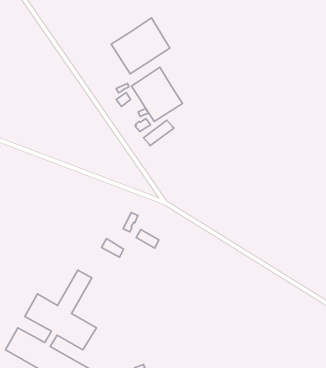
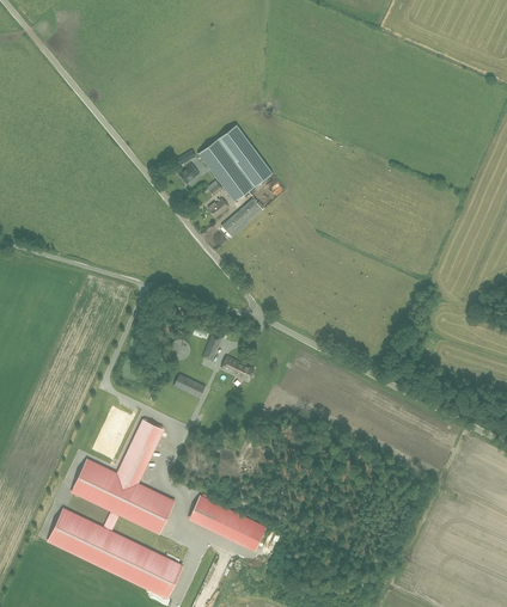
building: [111,18,170,74] -> none
building: none -> [191,496,265,546]

